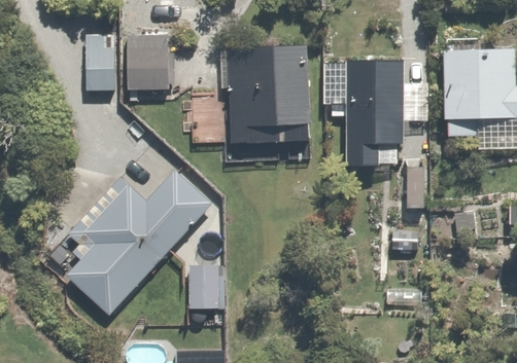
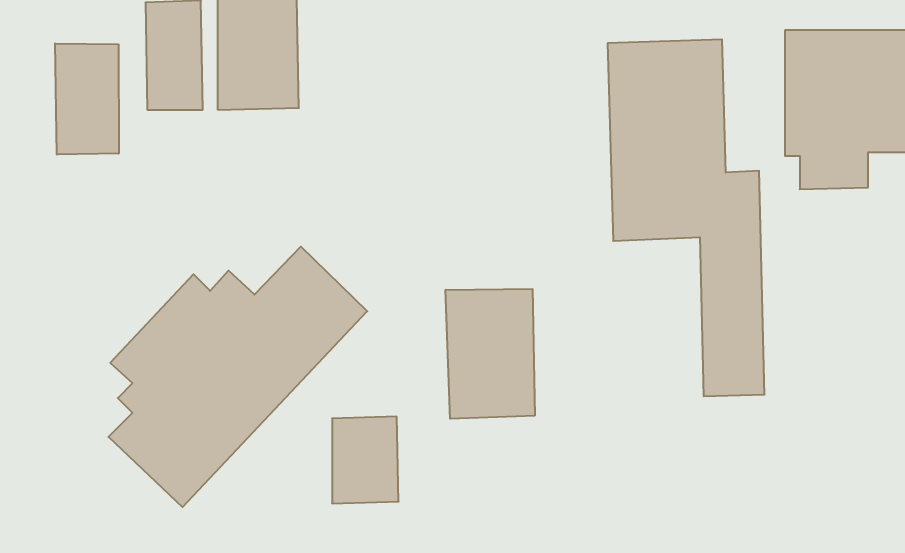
building: [217,44,316,167] -> none
building: none -> [55,43,119,155]
building: none -> [446,289,535,419]

